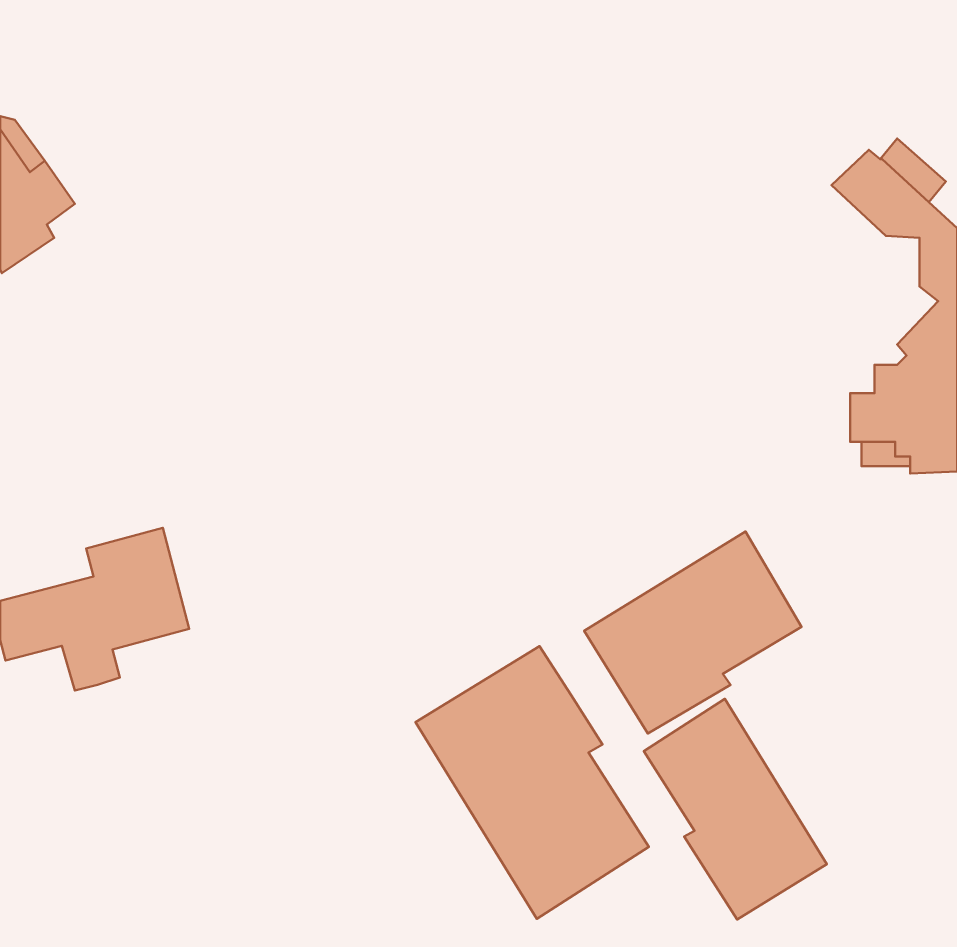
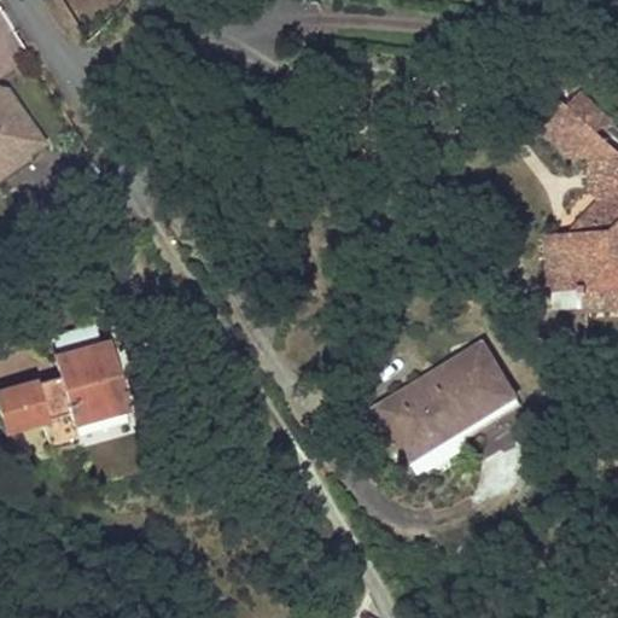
building: [416,646,649,919] -> none
building: [644,699,827,919] -> none

